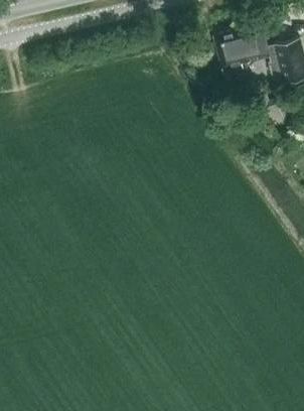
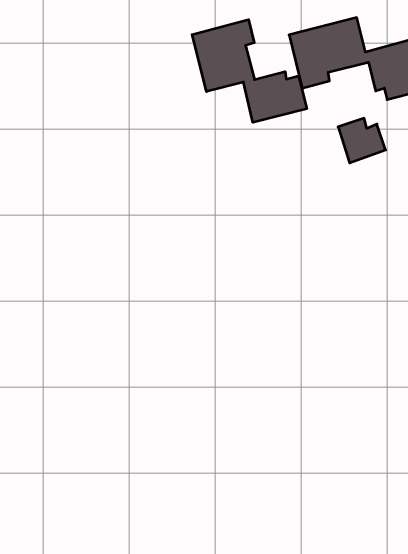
building: none -> [192,20,307,122]

